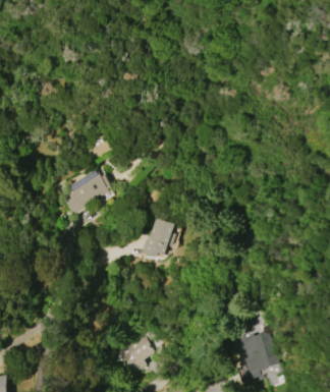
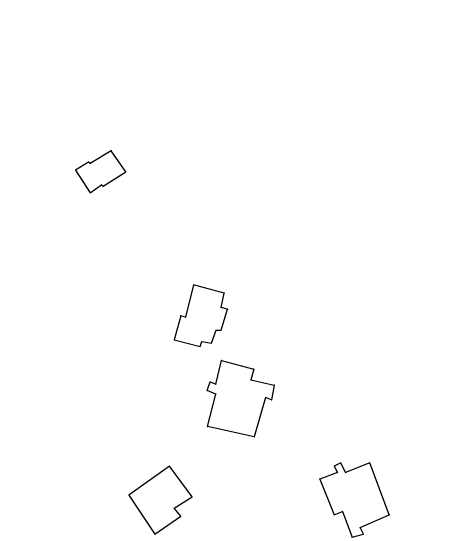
building: [62,169,112,214] -> none
building: none -> [207,360,274,437]

